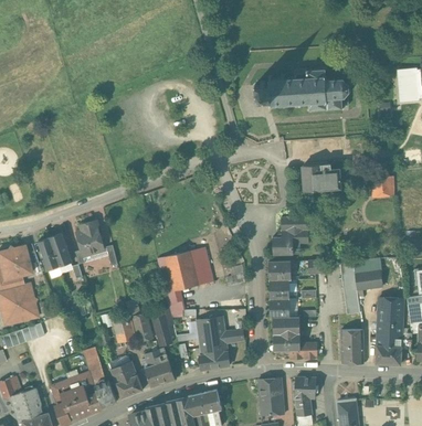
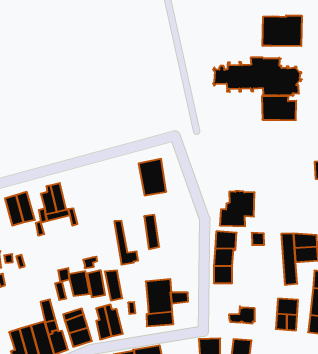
building: none -> [263,15,302,46]
building: [303,163,341,191] -> [262,96,296,120]
building: [166,251,198,291] -> [139,159,166,195]
building: [273,317,300,351] -> none

